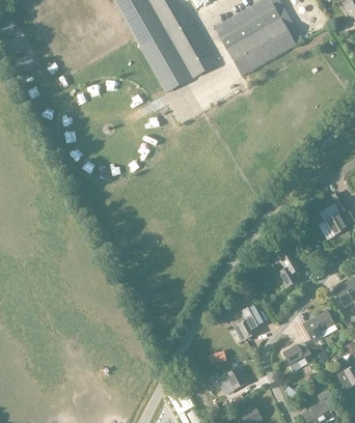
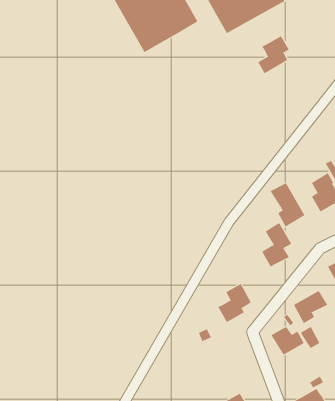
building: none -> [257,36,289,74]
building: none -> [270,182,305,228]
building: [217,367,247,395] -> none

